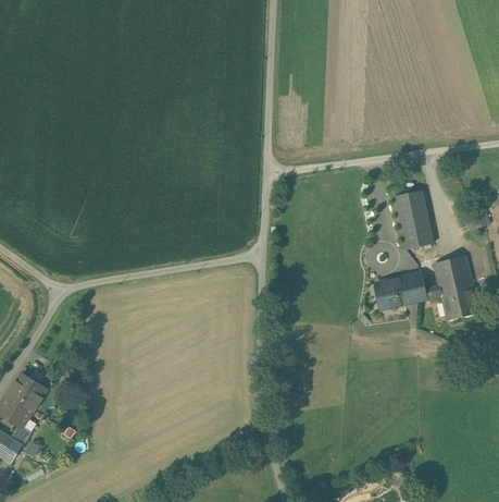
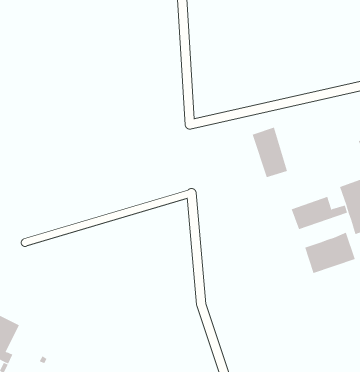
building: [394,189,432,248] -> [252,127,288,178]
building: none -> [304,232,356,274]

